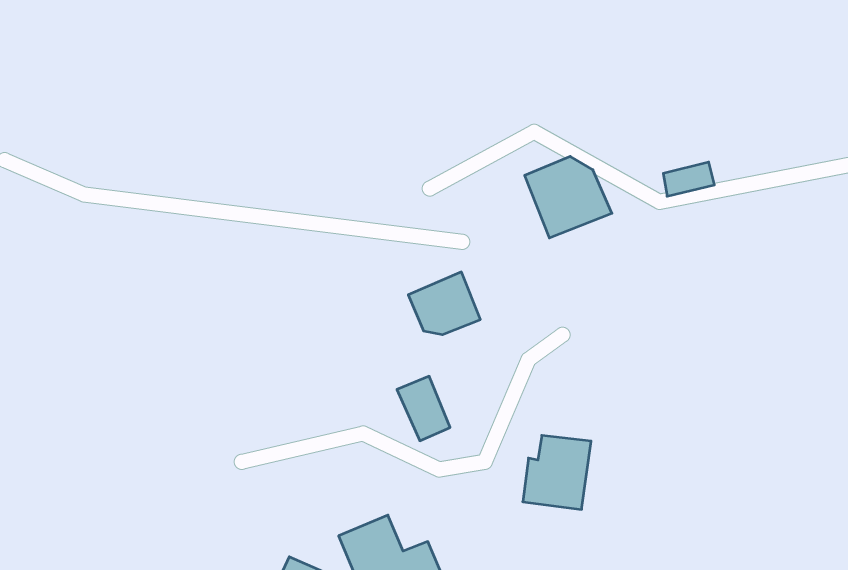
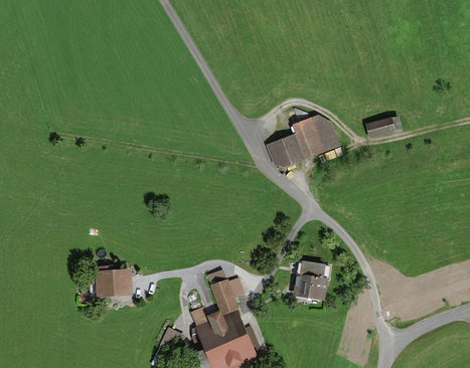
building: [408,272,480,335] -> [265,133,303,166]
building: [397,376,450,441] -> [213,278,242,312]
building: none -> [100,269,131,293]

